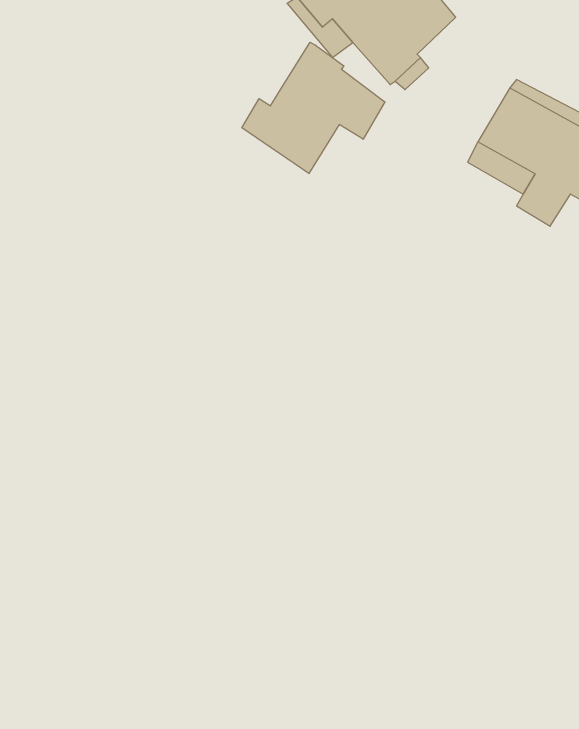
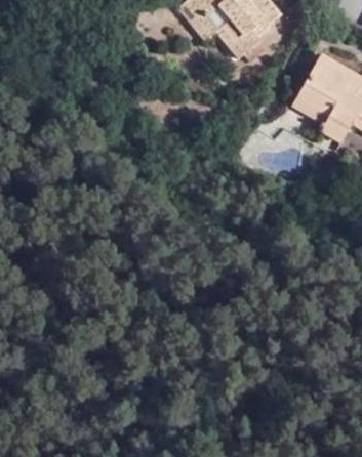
building: [242,42,385,174] -> none

